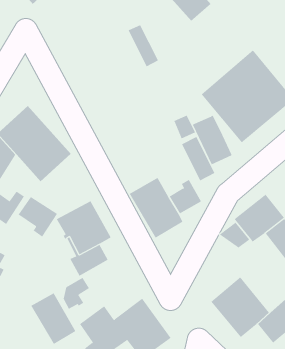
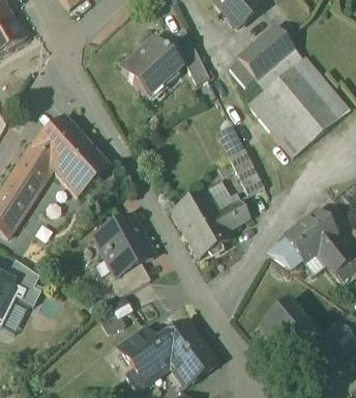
building: none -> [238,25,293,78]
building: none -> [121,36,180,95]
building: [192,115,232,165] -> none
building: [18,196,58,238] -> none
building: [31,293,76,345] -> none

